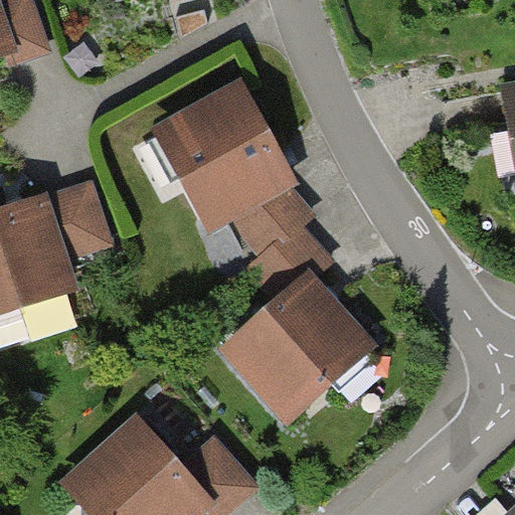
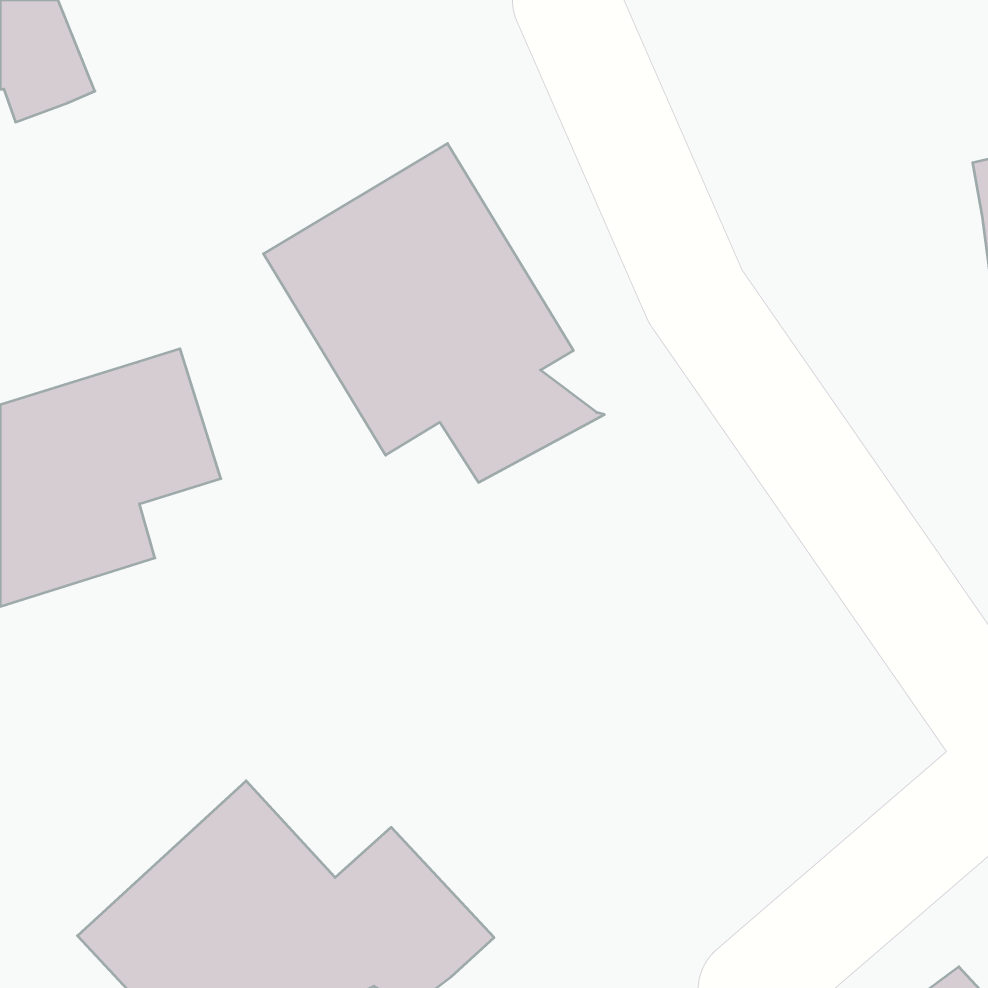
building: [219,216,381,427] -> none

